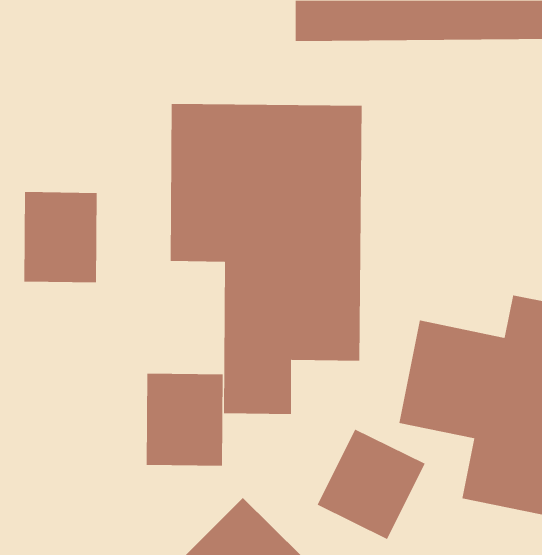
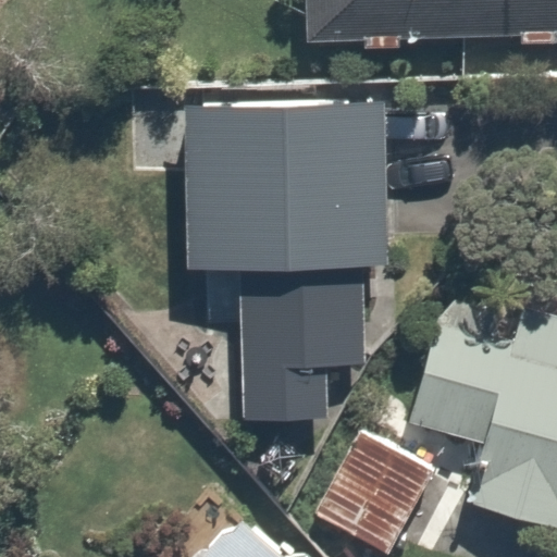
building: [24,191,97,283] -> none
building: [146,373,223,467] -> none

